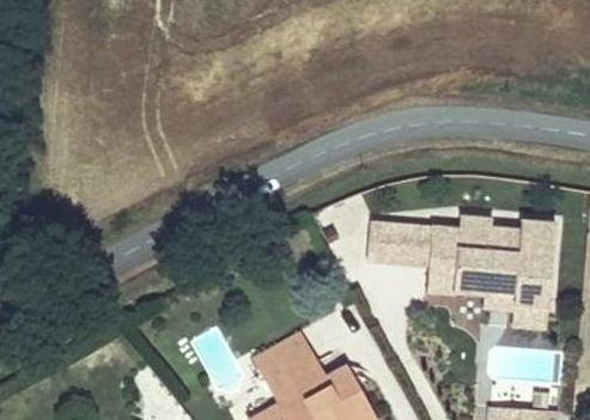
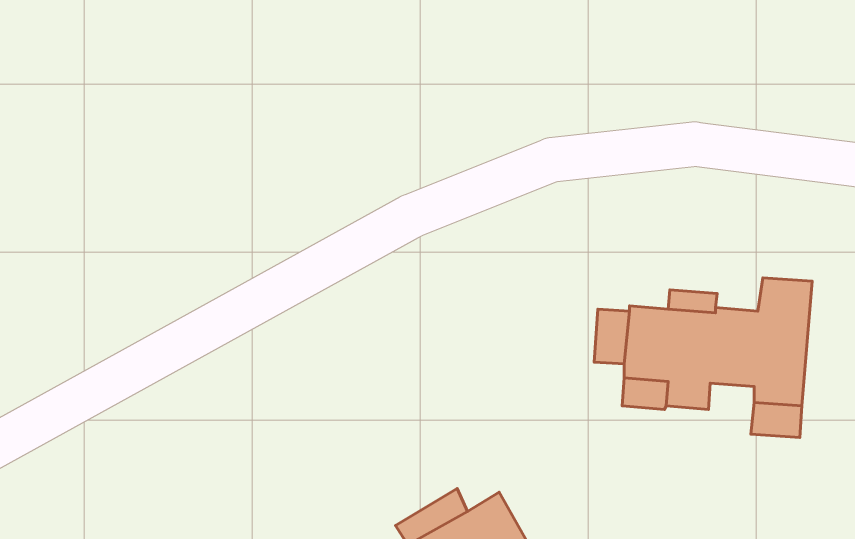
building: [367,231,410,270] -> none
building: [257,329,315,382] -> none

